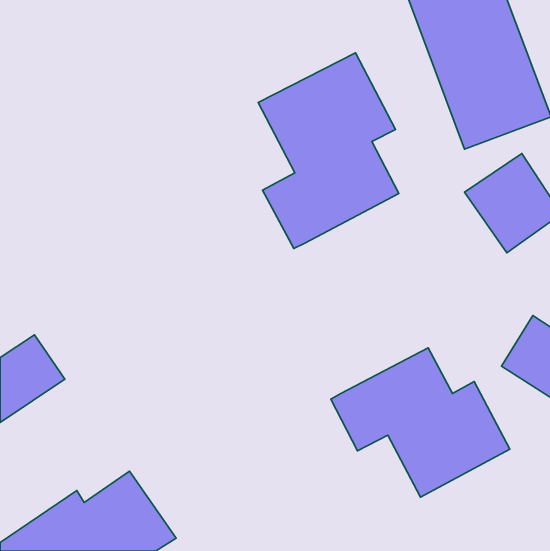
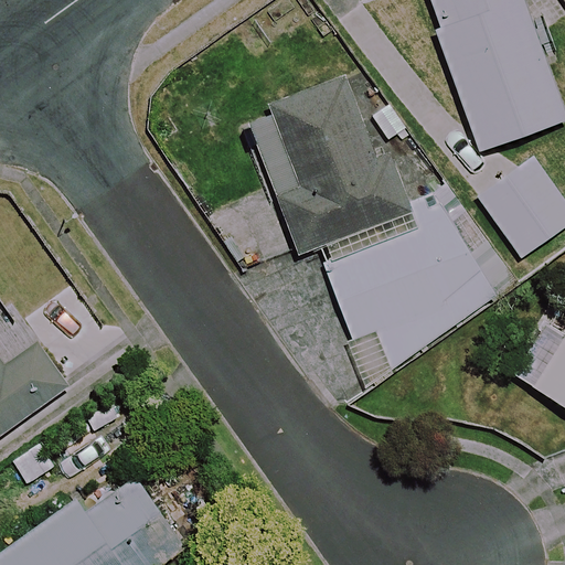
building: none -> [313,198,499,361]
building: [331,348,510,497] -> none

